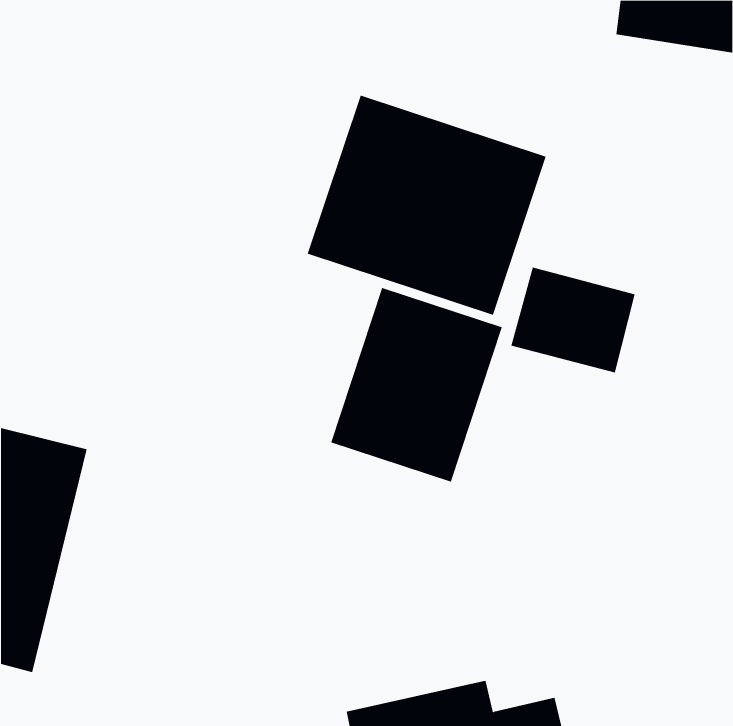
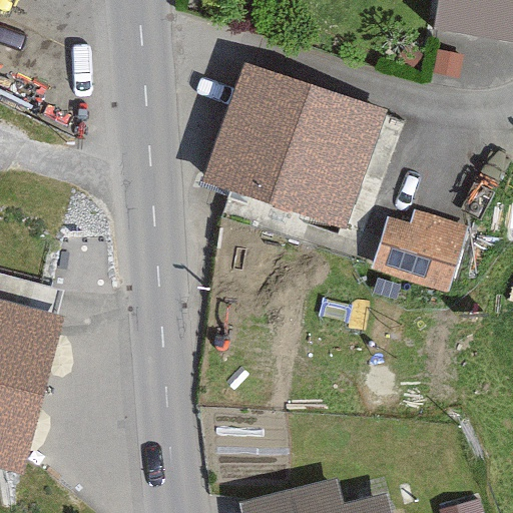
building: [330,287,503,483] -> none

